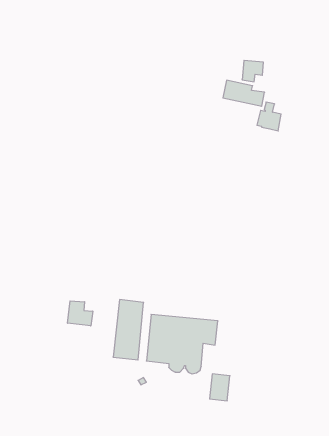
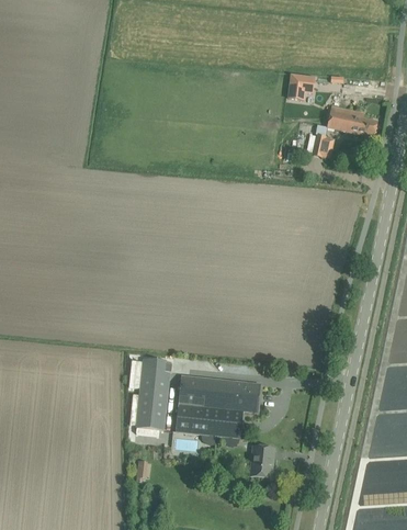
building: [223,80,265,106] -> [327,105,376,136]
building: [68,301,93,326] -> none

